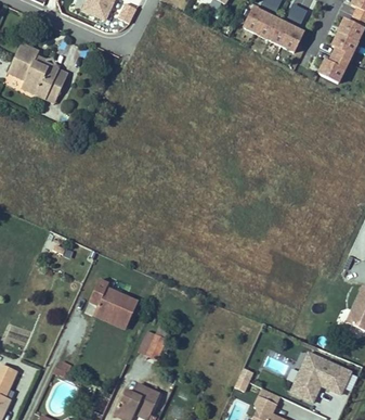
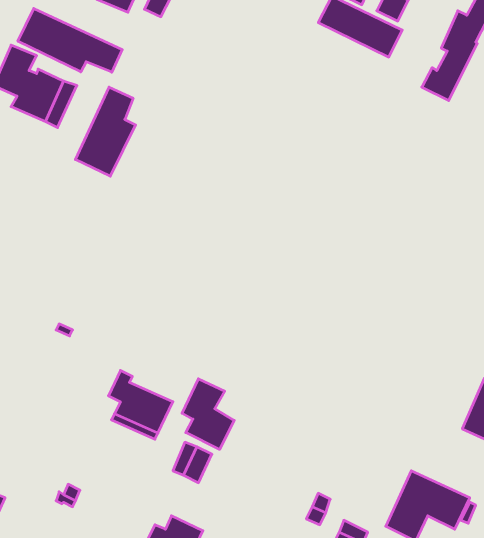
building: none -> [18,8,122,72]
building: none -> [75,87,136,176]
building: none -> [182,379,234,449]

